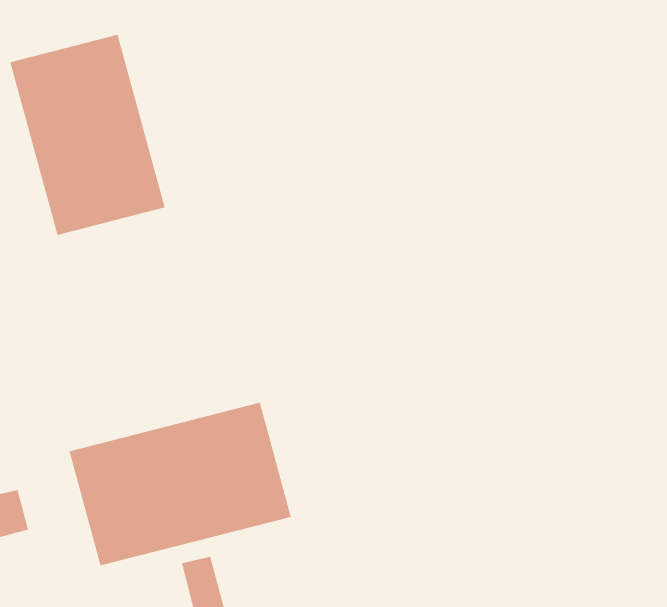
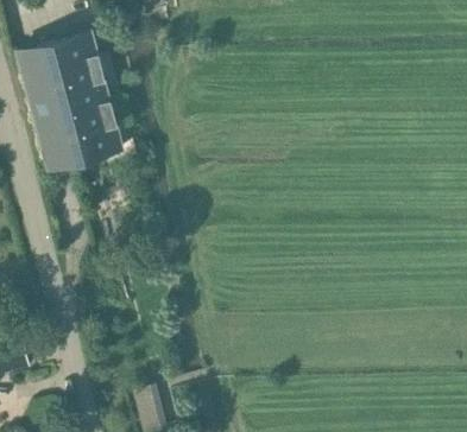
building: [69,402,291,566] -> none

